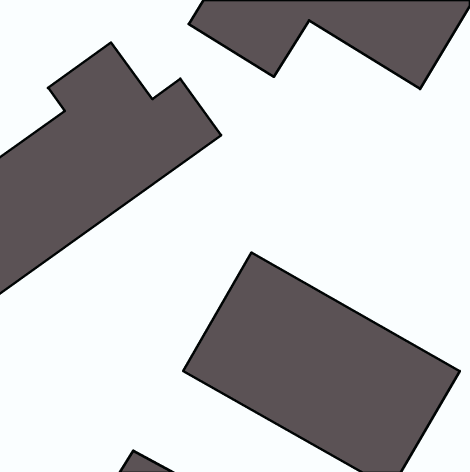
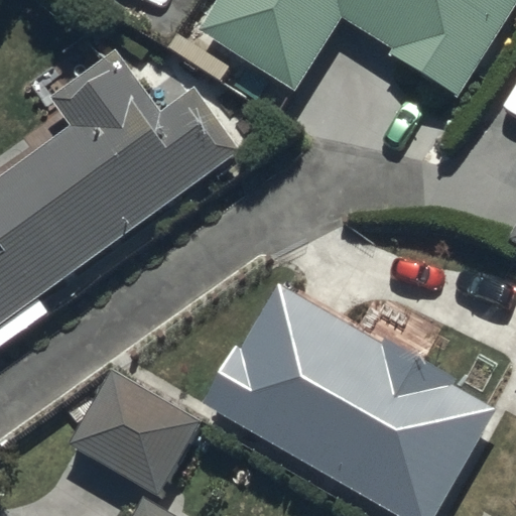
building: none -> [67,374,202,494]

